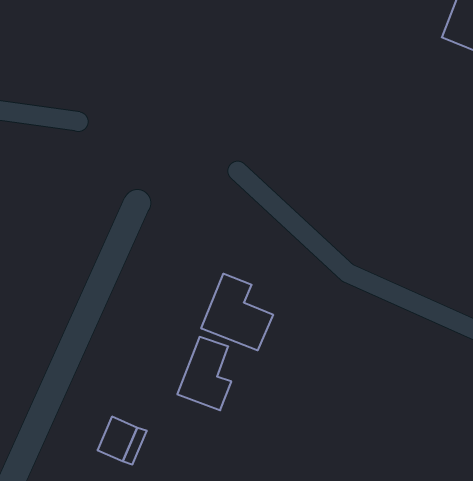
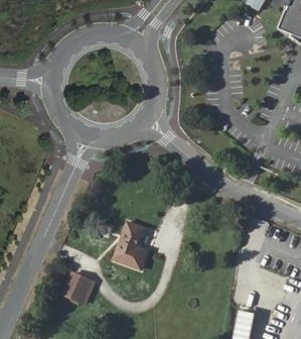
building: [201,274,273,350] -> none

